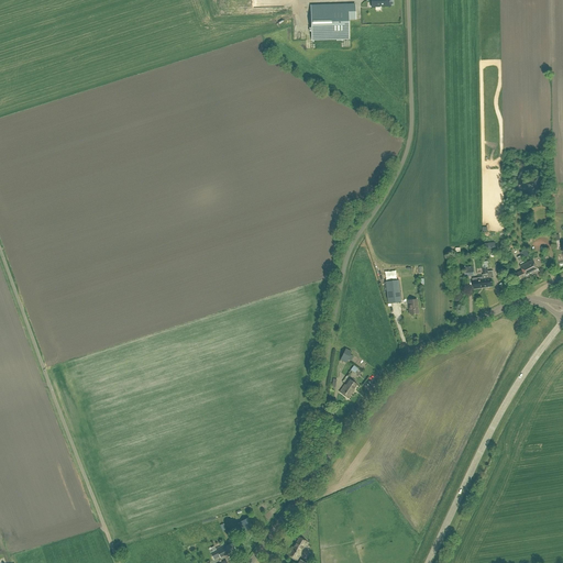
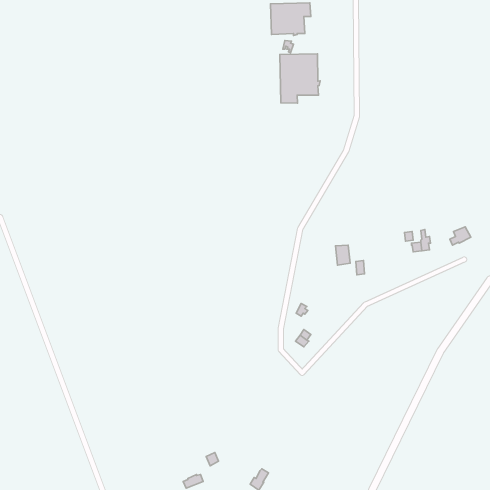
building: none -> [280,54,320,103]

